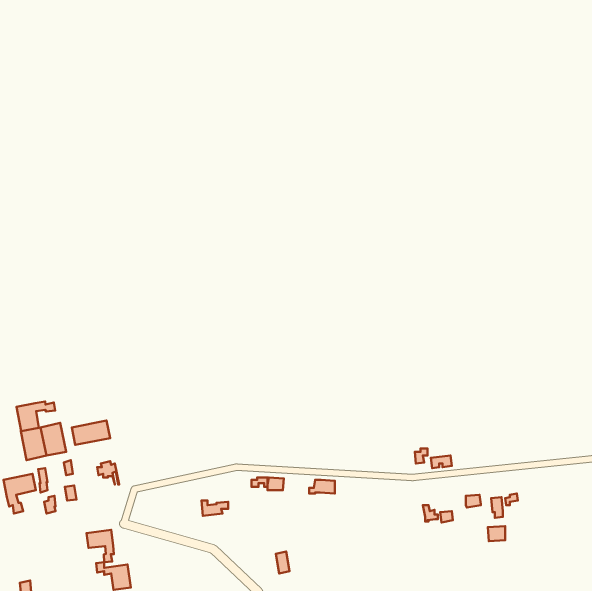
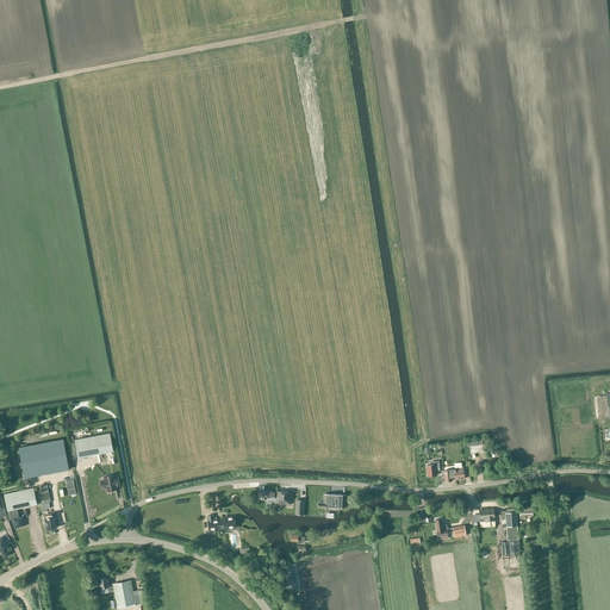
building: [16,402,55,431] -> none
building: [87,530,114,562] -> none

